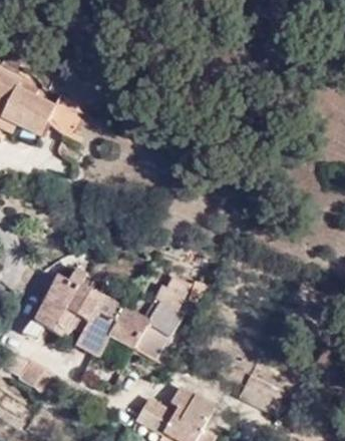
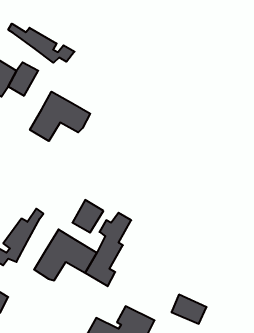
building: none -> [8,24,75,63]
building: none -> [30,92,90,141]
building: [65,281,102,320] -> [72,200,103,233]

